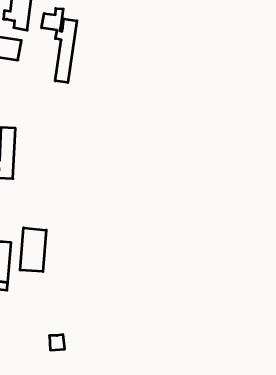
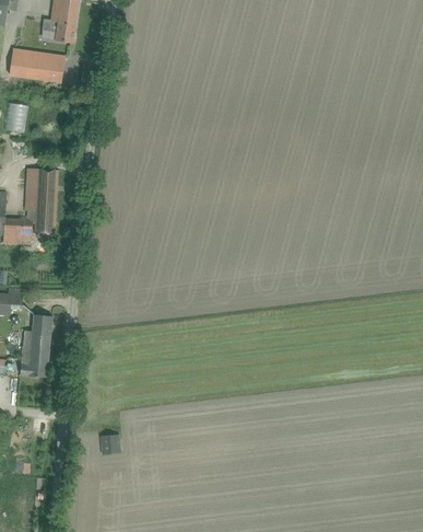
building: [42,8,77,83] -> none
building: [20,228,46,272] -> none

